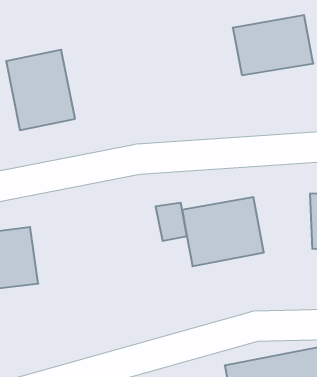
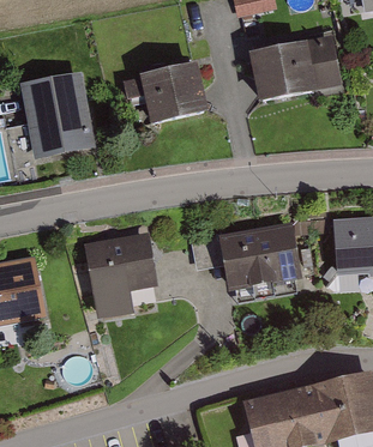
building: none -> [124,64,213,125]
building: none -> [91,237,162,318]

